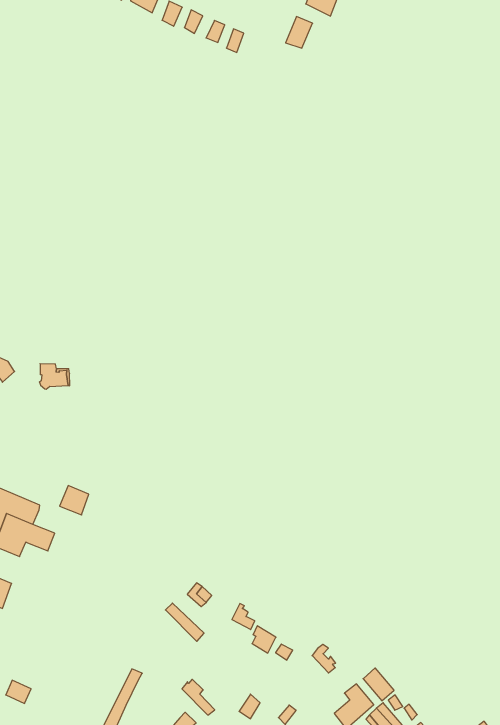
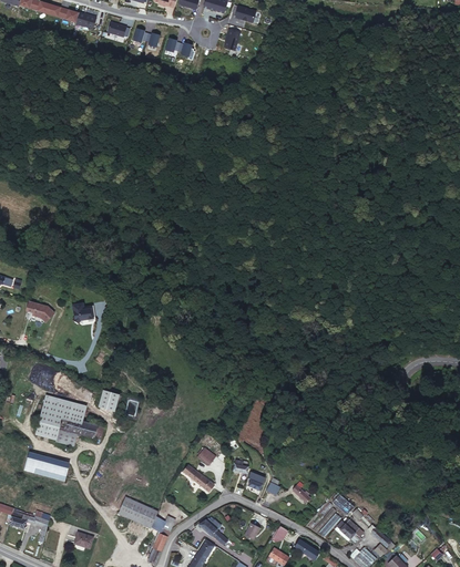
building: none -> [117,495,159,527]

